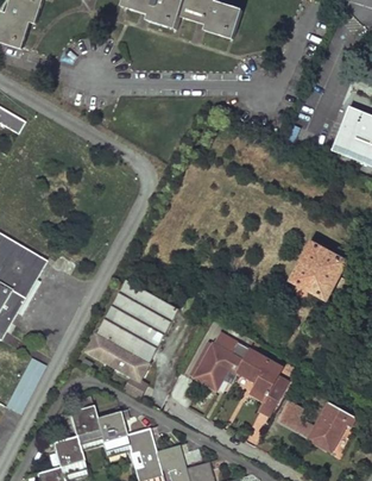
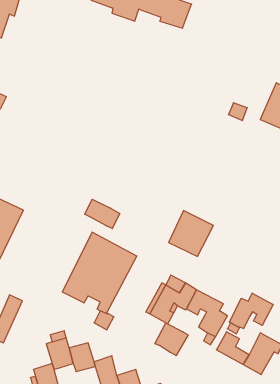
building: none -> [85,199,120,229]
building: [289,244,342,299] -> [169,211,213,256]
building: none -> [229,293,273,329]
building: none -> [155,323,188,356]

